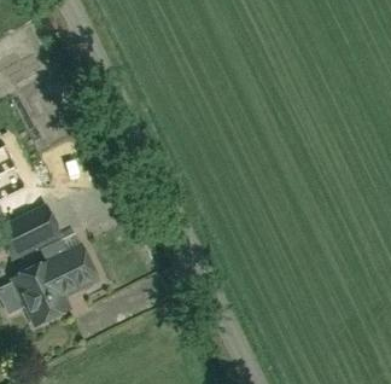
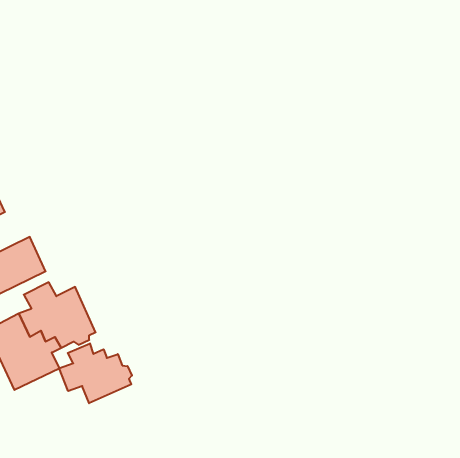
building: none -> [59,343,132,403]

